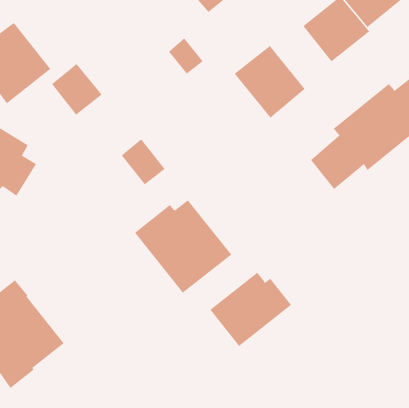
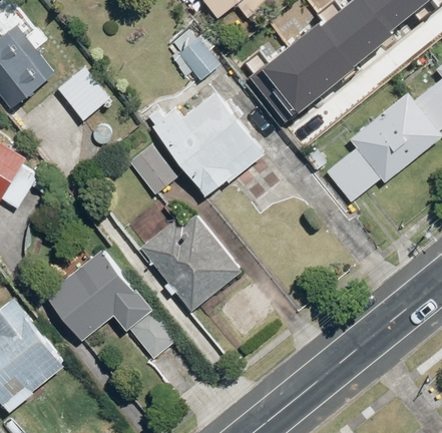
building: none -> [285,24,353,95]
building: none -> [144,92,264,197]
building: none -> [46,247,178,359]
building: [210,272,292,347] -> none

